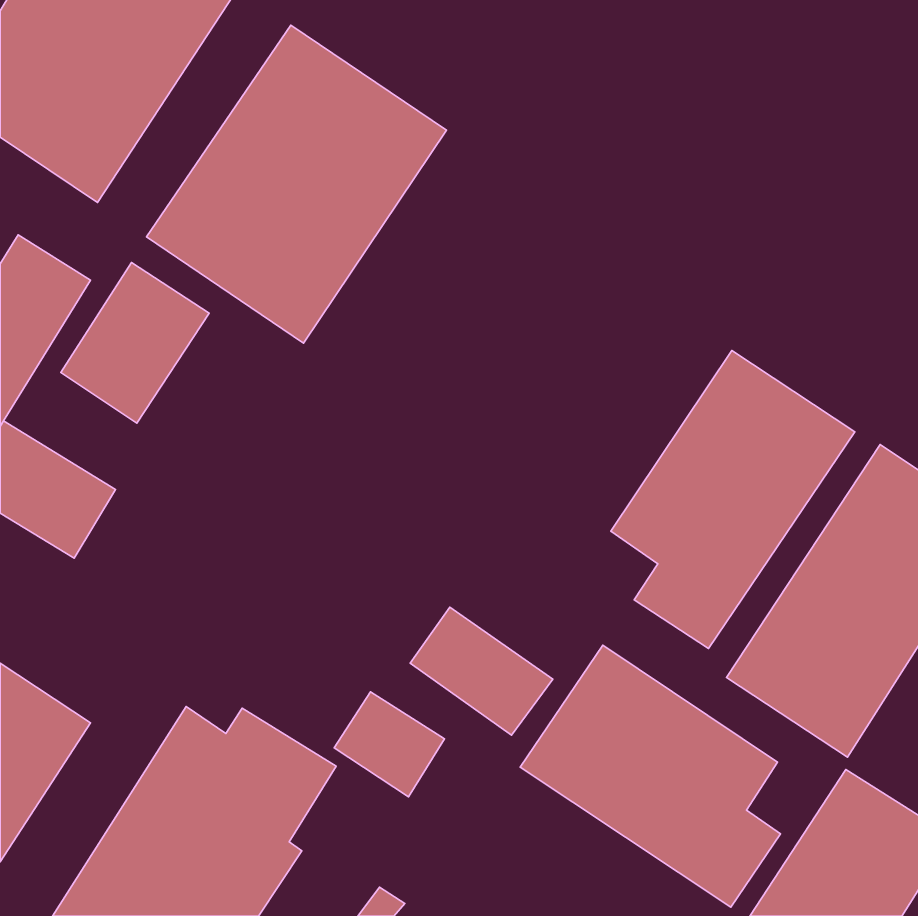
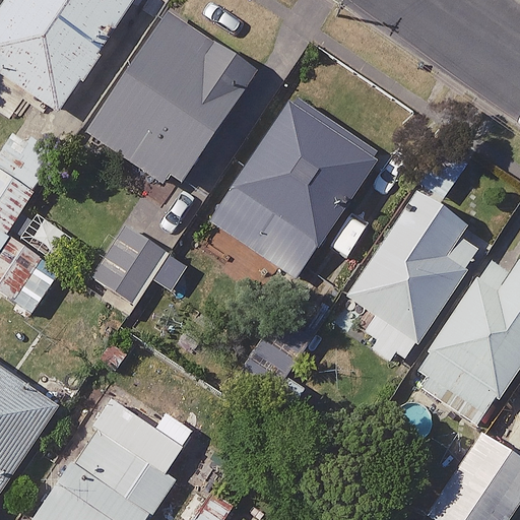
building: none -> [208,98,378,278]
building: [61,262,209,423] -> [86,224,170,315]
building: [520,645,781,907] -> none

